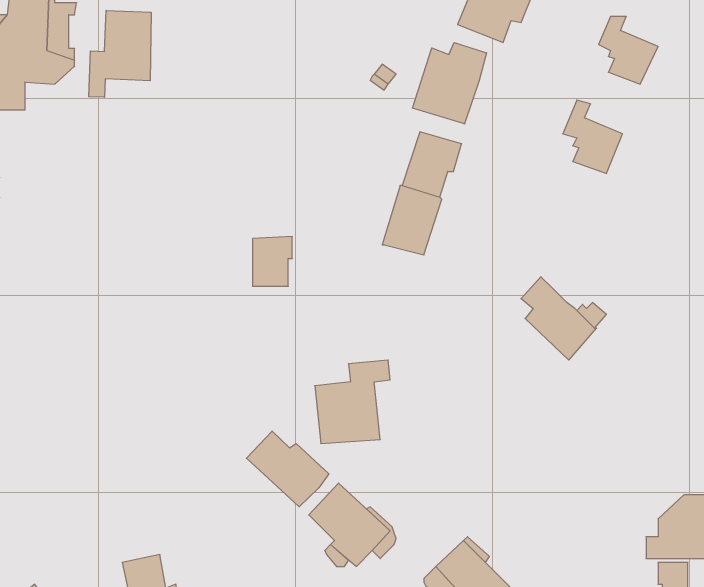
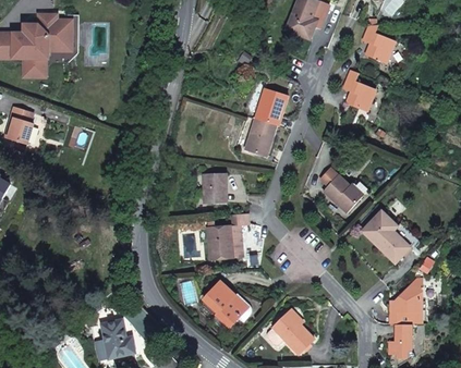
building: [89,10,151,97] -> none
building: [412,43,487,124] -> none
building: [253,237,292,286] -> [203,174,225,201]
building: none -> [362,211,410,262]
building: [246,431,329,507] -> none

